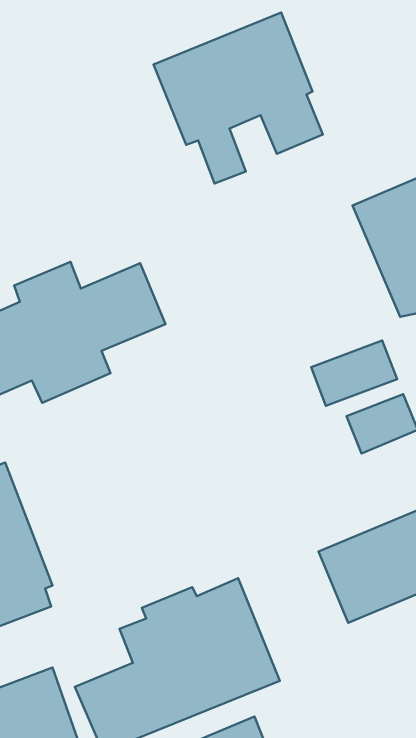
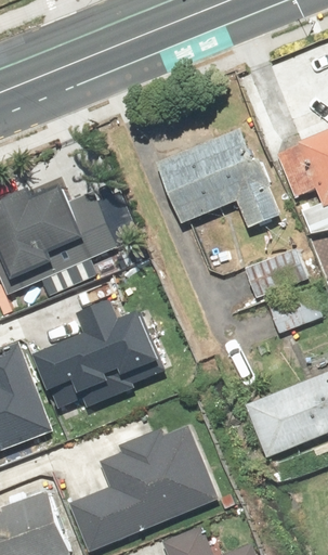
building: [154,13,323,184] -> [158,124,281,248]
building: none -> [42,305,163,410]

